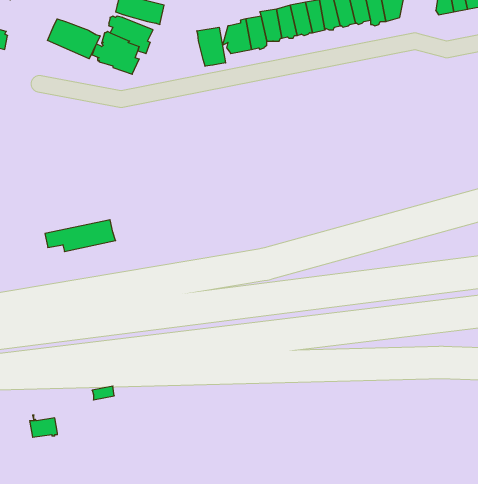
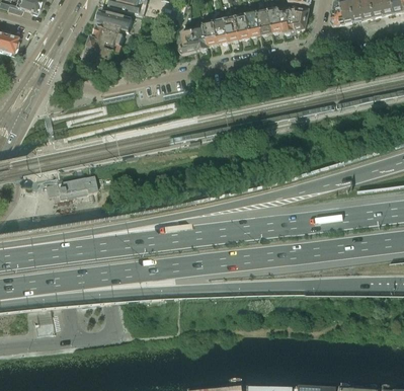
building: [47,19,100,59] -> none
building: [197,27,226,66] -> none

